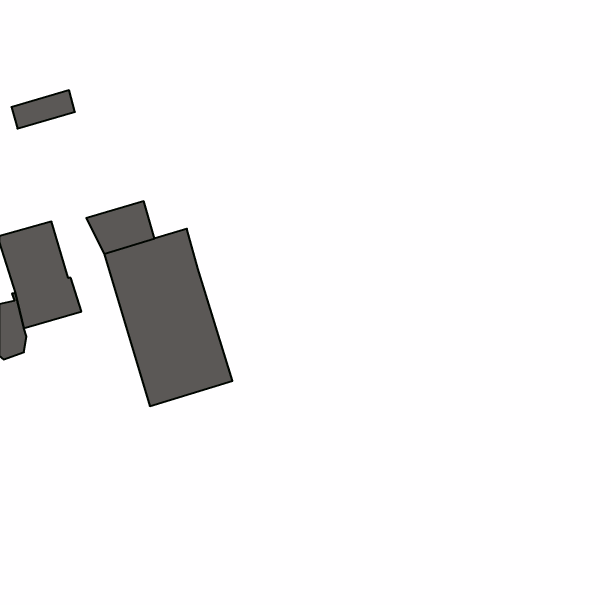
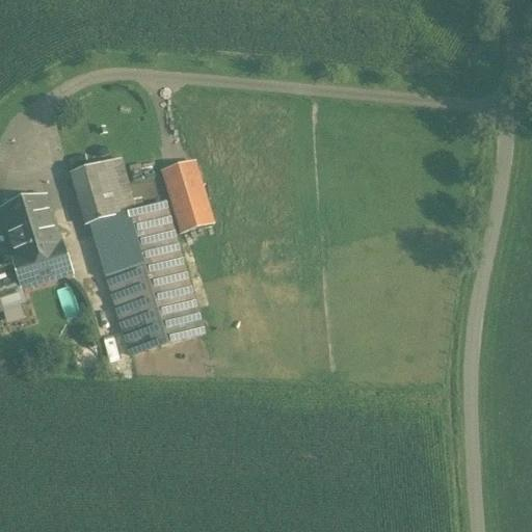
building: [11,90,75,129] -> [70,156,125,189]
building: none -> [161,158,210,230]

